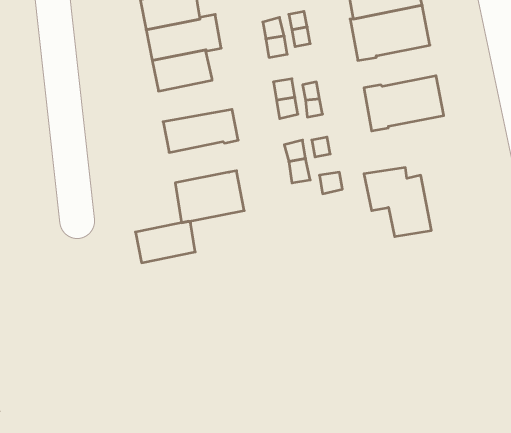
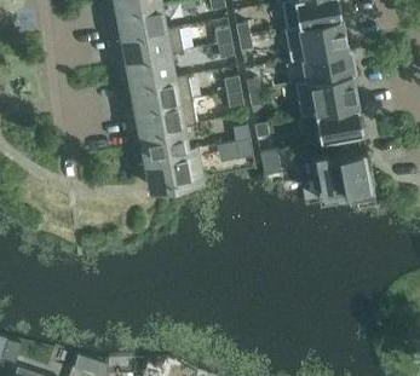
building: none -> [305,51,352,83]
building: none -> [133,76,191,111]
building: none -> [315,106,363,143]
building: none -> [340,149,374,197]
building: [135,221,195,263] -> [142,127,189,160]

